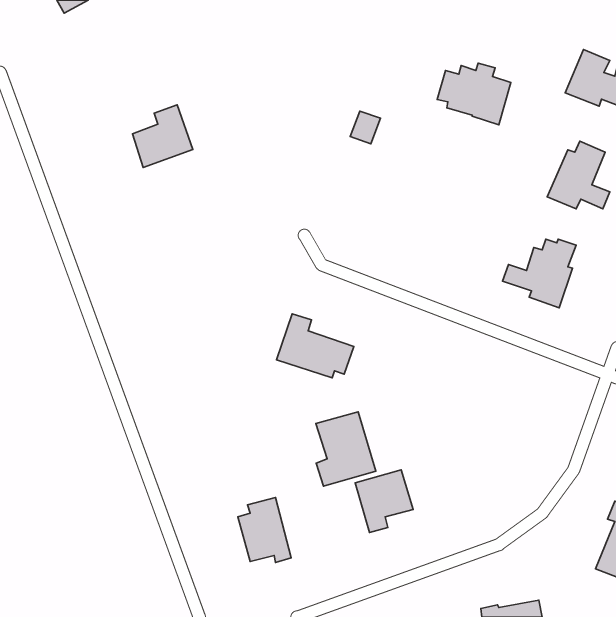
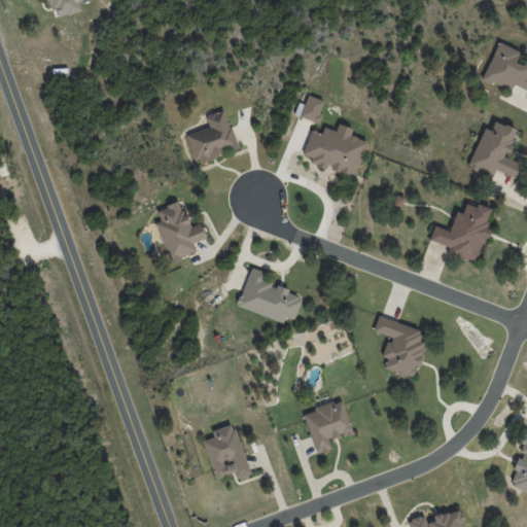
building: [437,63,511,125] -> [304,125,366,177]
building: [132,105,193,167] -> [187,110,239,164]
building: none -> [155,201,206,261]
building: none -> [374,316,426,379]
building: [316,412,376,486] -> none

